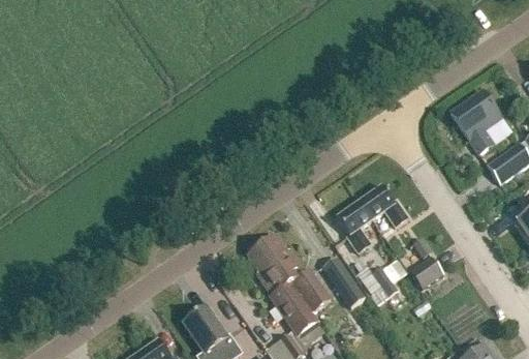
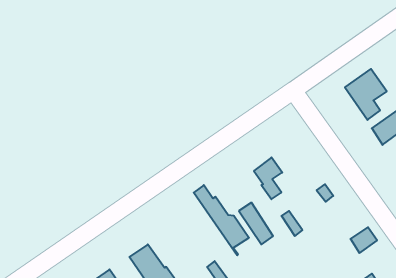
building: [359,183,407,223] -> none
building: [249,242,316,332] -> none
building: [409,256,442,288] -> [350,227,377,253]

